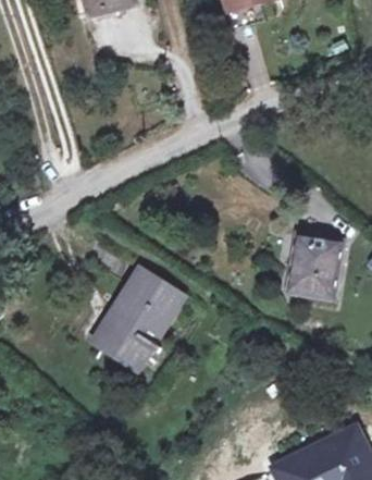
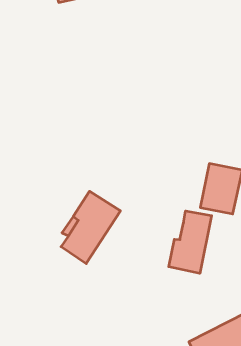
building: none -> [169,211,212,273]

